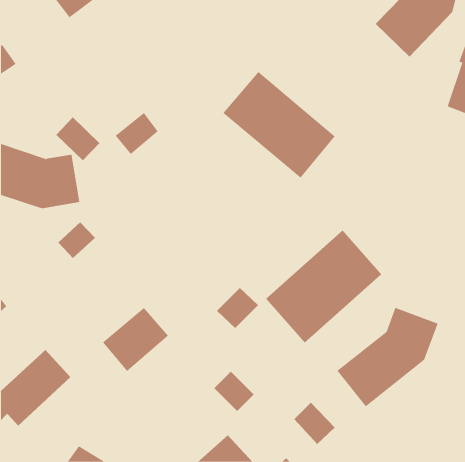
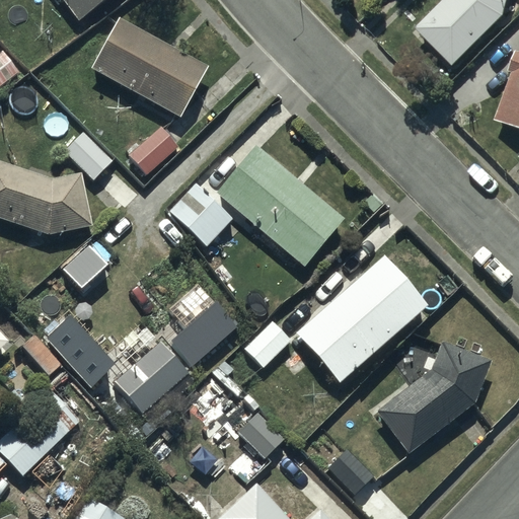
building: none -> [90,15,209,135]
building: [223,71,336,179] -> [216,146,342,266]
building: none -> [166,181,231,246]
building: none -> [171,302,237,366]
building: none -> [46,320,114,389]

